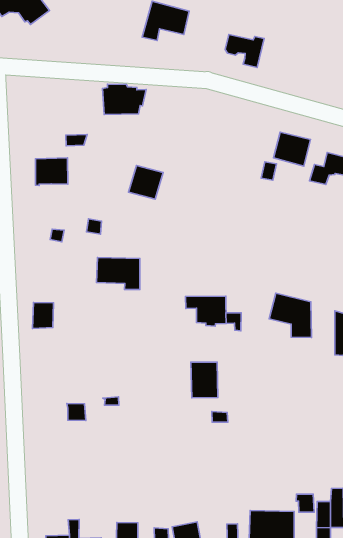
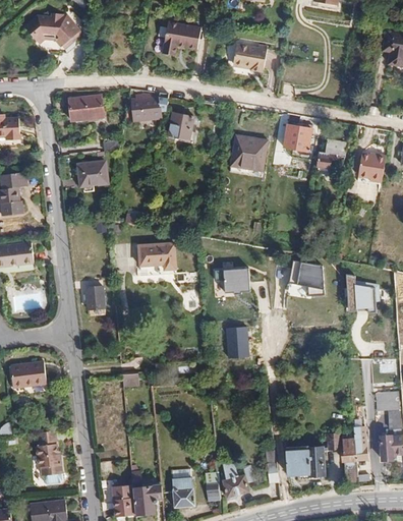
building: none -> [68,94,104,120]
building: none -> [230,134,267,176]
building: [128,166,163,199] -> [166,112,194,139]

